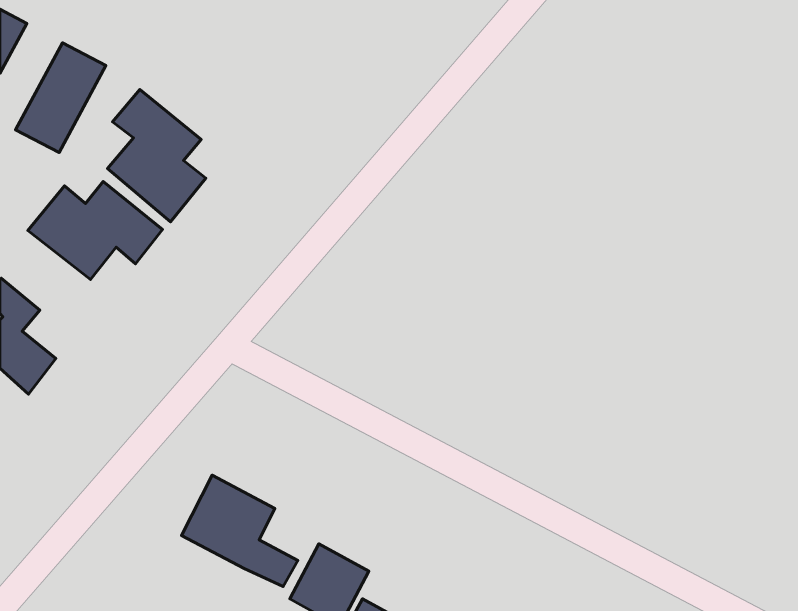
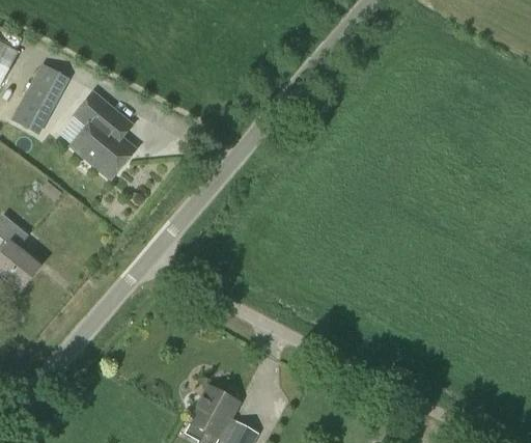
building: [28,181,162,280] -> none
building: [181,475,298,587] -> none

